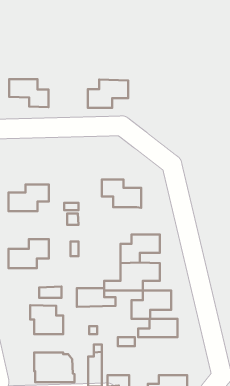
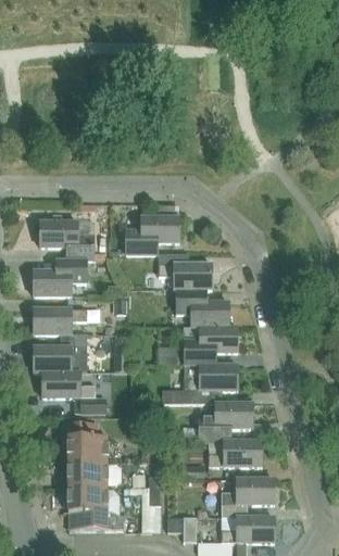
building: [9,79,49,107] -> [39,220,92,258]
building: [88,80,128,108] -> [124,216,178,254]
building: none -> [175,289,228,326]
building: none -> [33,307,87,332]
building: [77,288,116,307] -> [42,371,95,396]
building: none -> [67,460,106,485]
building: none -> [219,478,274,516]

